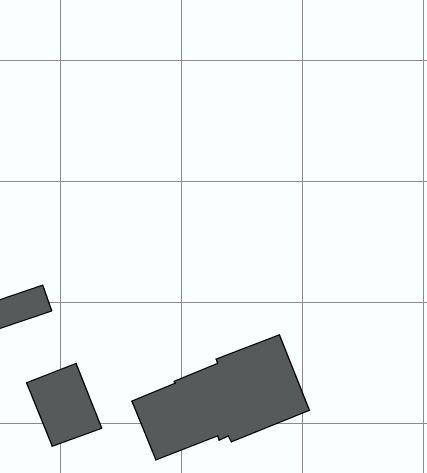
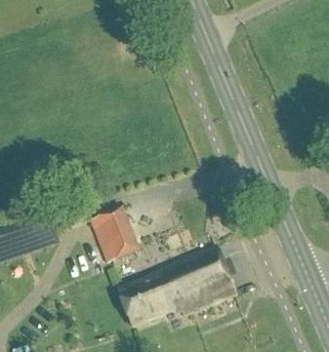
building: [26,363,102,446] -> [90,210,141,267]

